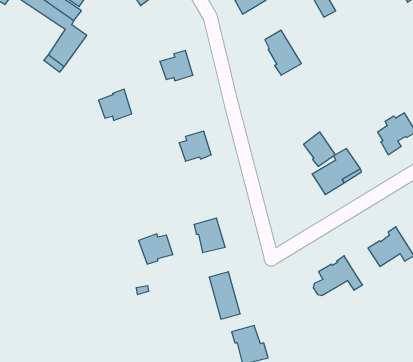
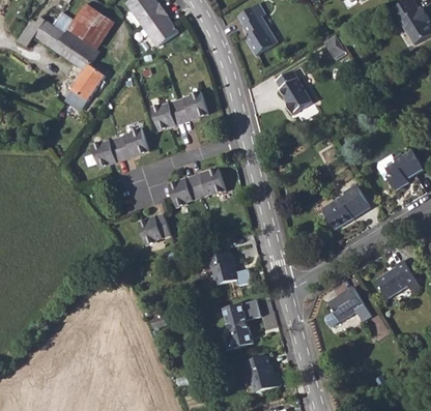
building: none -> [150,100,181,130]
building: none -> [91,138,122,168]
building: [304,132,335,166] -> none
building: none -> [167,178,200,207]
building: [139,234,173,264] -> [137,215,170,244]

